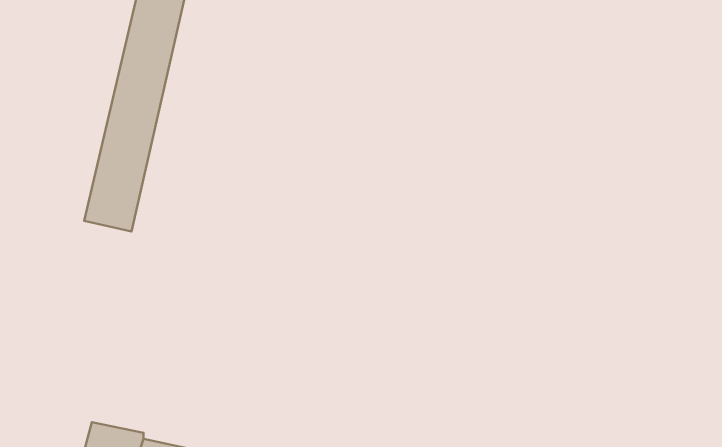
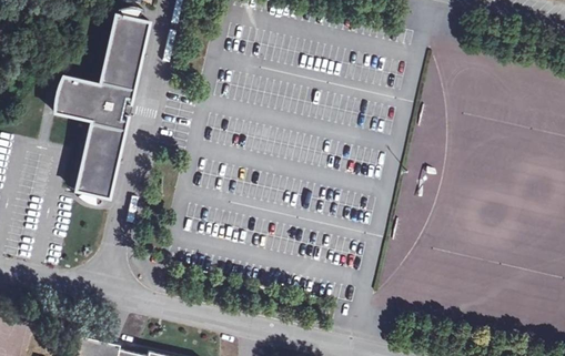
building: none -> [51,72,98,118]

